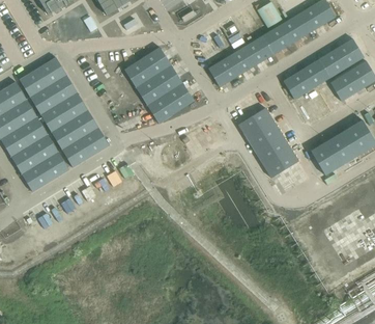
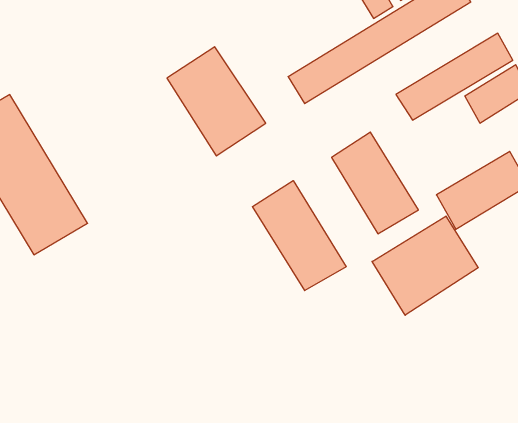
building: [19,56,110,168] -> none
building: none -> [252,181,346,291]
building: none -> [372,216,478,315]

